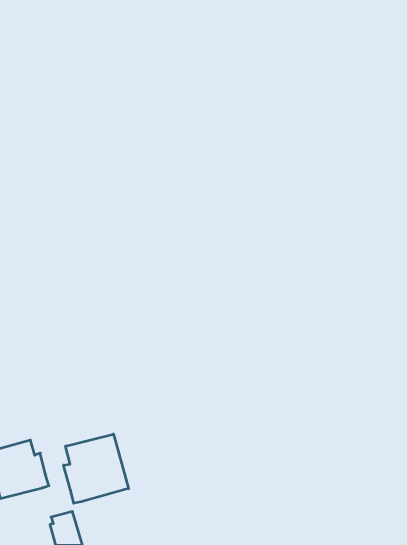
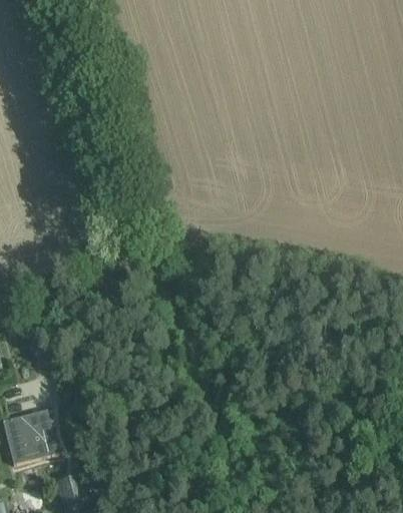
building: [64,434,129,503] -> none

